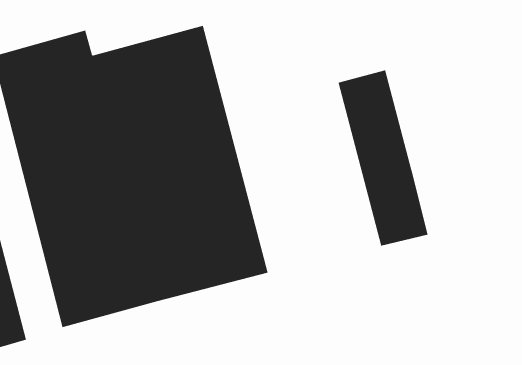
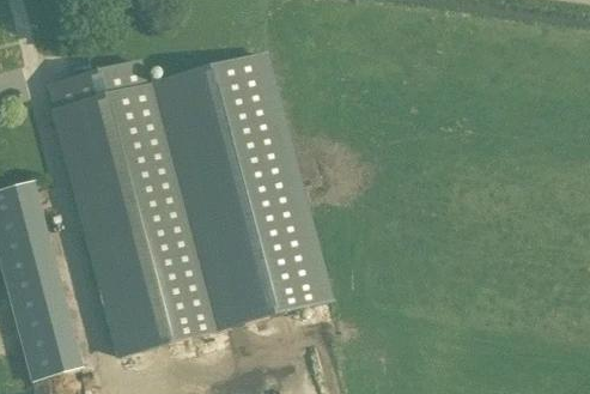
building: [338,70,428,246] -> none

